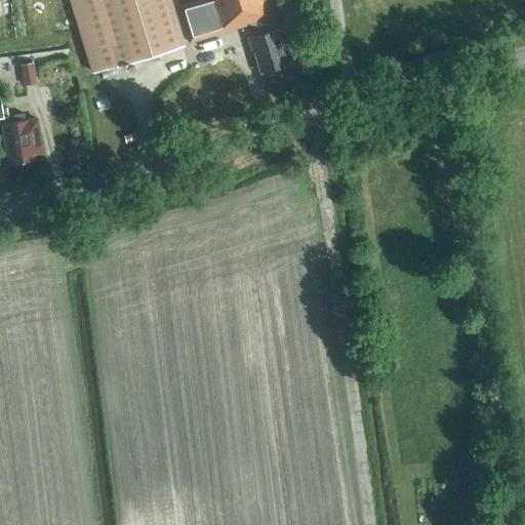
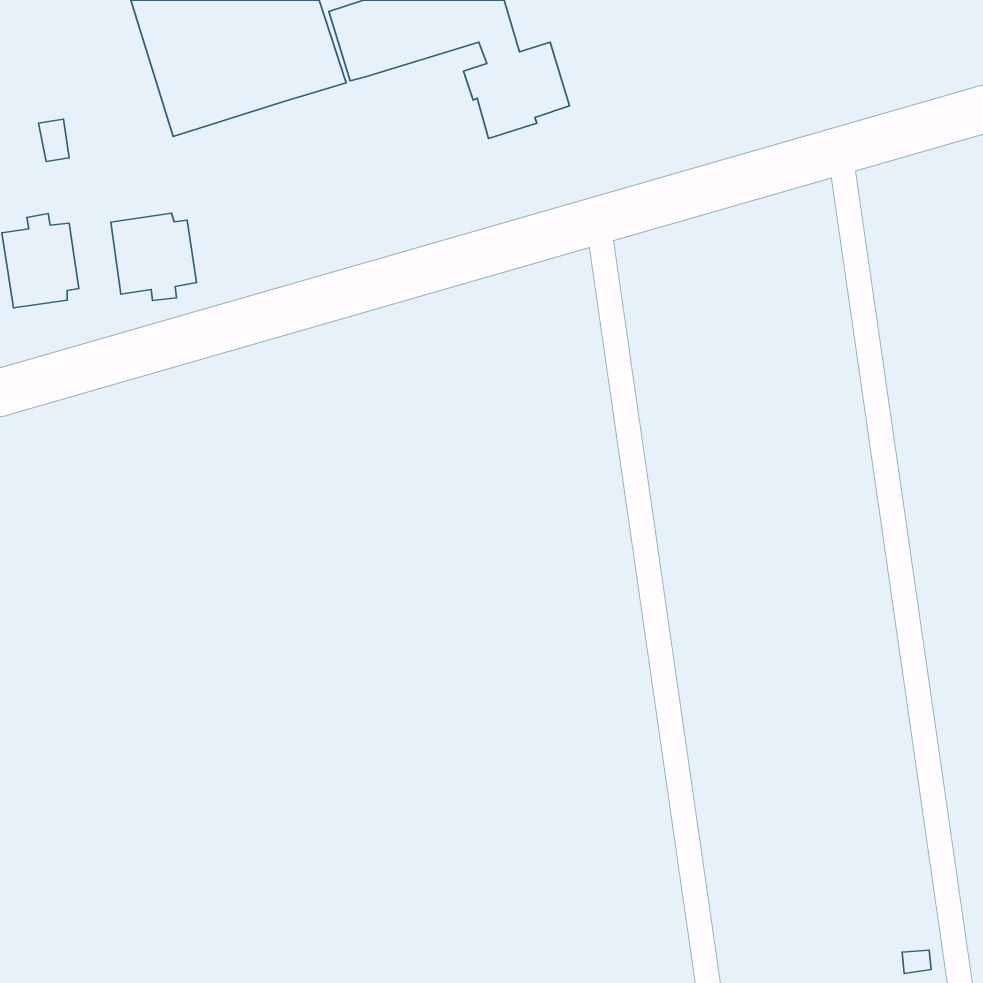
building: none -> [111,213,197,301]

